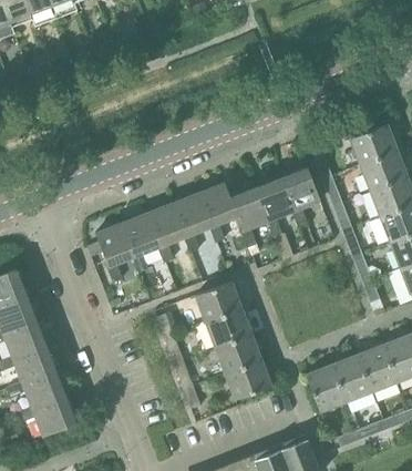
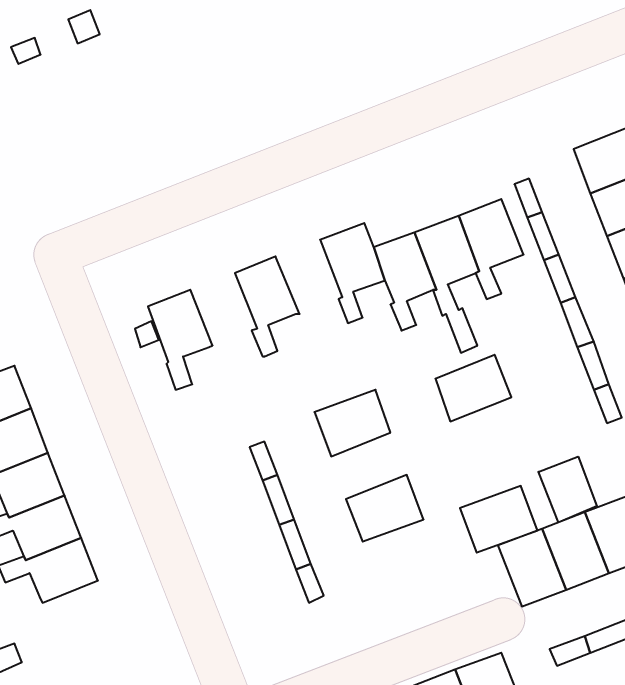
building: [172,192,212,252] -> none
building: [121,212,161,272] -> none
building: [205,307,250,347] -> [435,355,511,421]
building: none -> [538,457,597,522]
building: [224,359,270,399] -> [460,486,538,553]
building: [16,396,76,436] -> none

